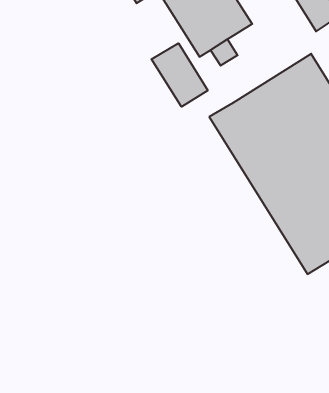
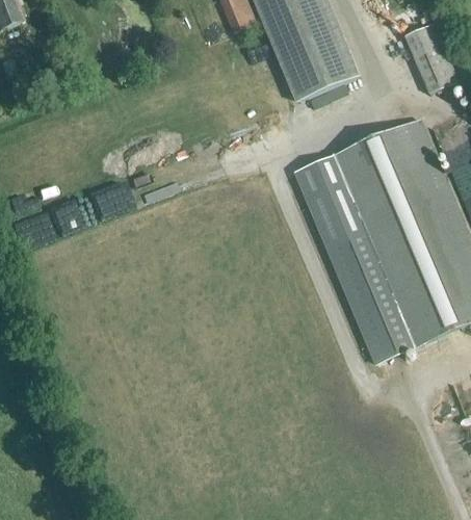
building: [151,43,208,107] -> none

